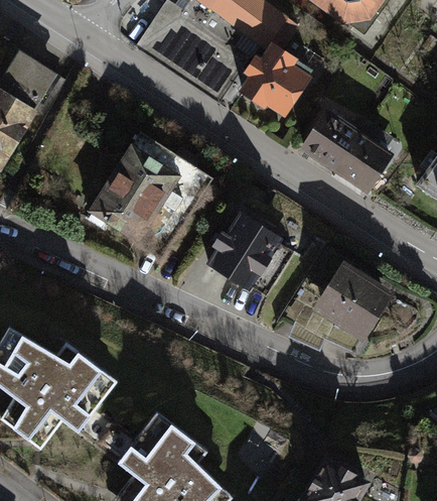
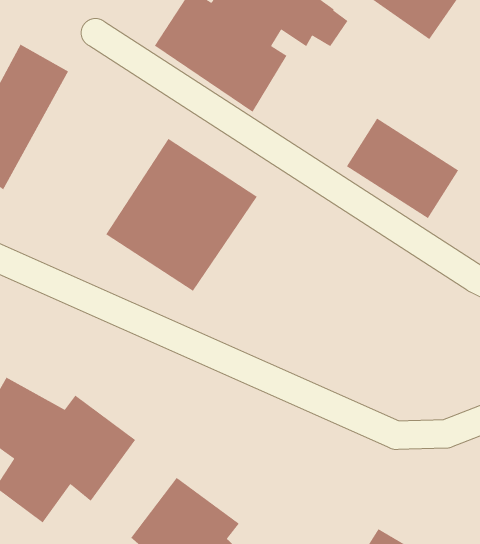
building: [237,39,312,116] -> none
building: [204,210,294,296] -> none
building: [310,259,394,342] -> none

